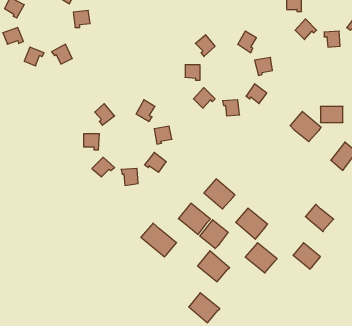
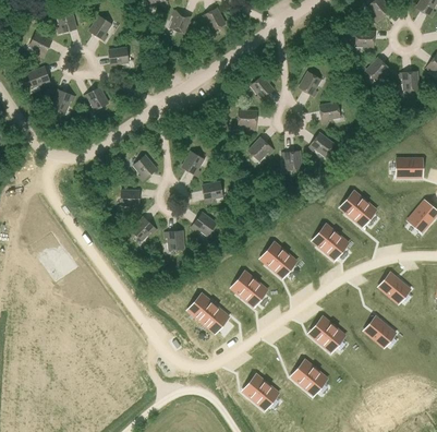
building: [290,111,321,142] -> [340,191,376,226]
building: [236,208,268,239] -> [312,224,349,260]
building: [200,220,228,249] -> none
building: [198,251,230,282] -> [291,359,328,395]

